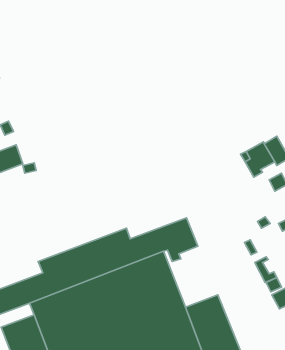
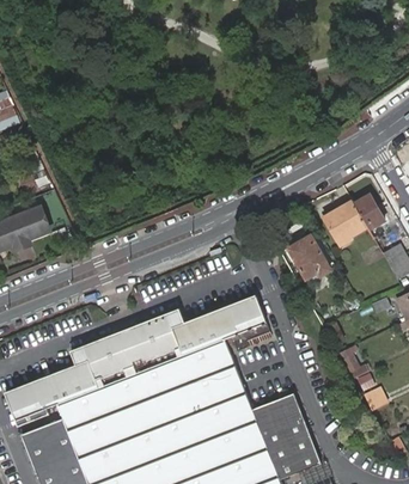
building: none -> [287,235,329,280]

